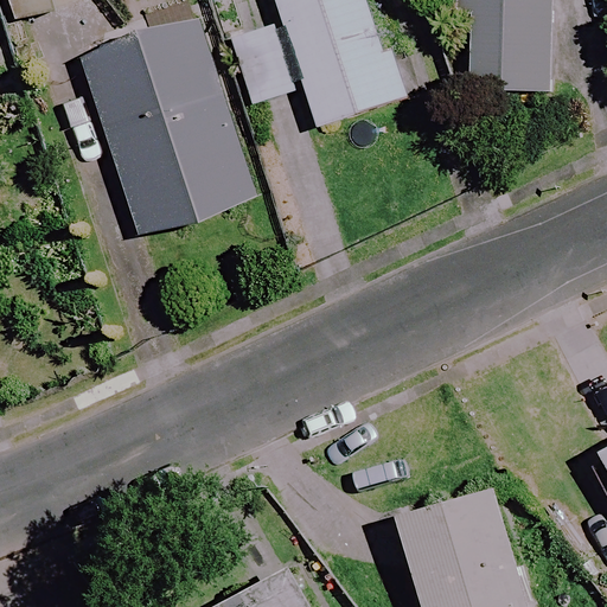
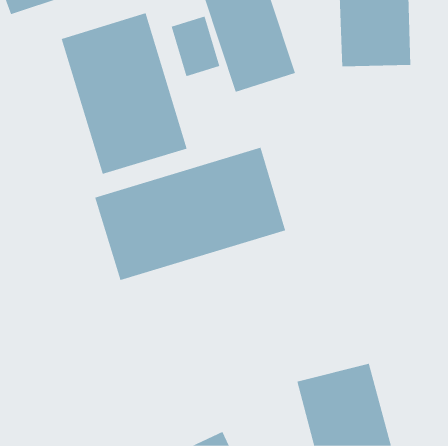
building: none -> [95,147,286,281]

